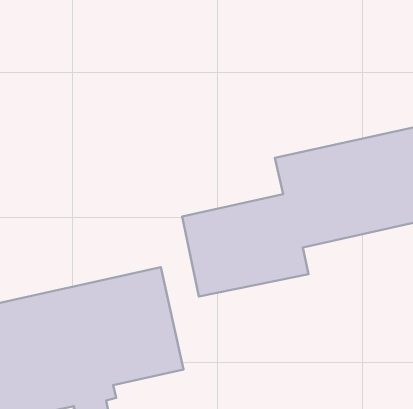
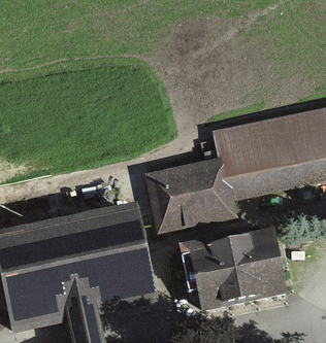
building: none -> [191,232,294,309]

